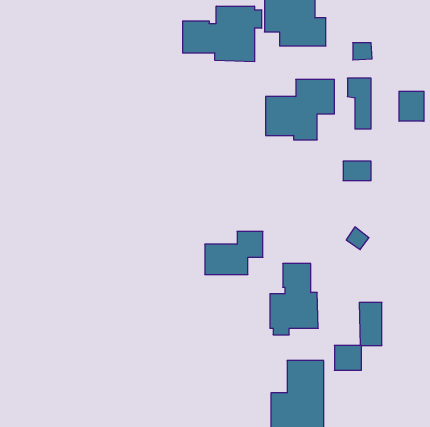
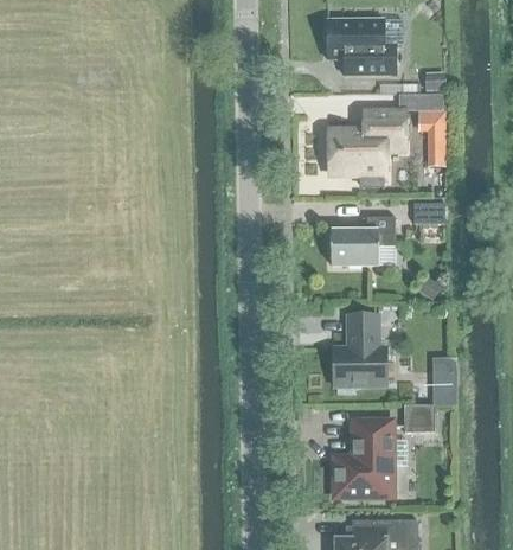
building: [183,6,262,62] -> none
building: [399,91,424,121] -> none
building: [205,231,263,274] -> [331,217,395,264]

